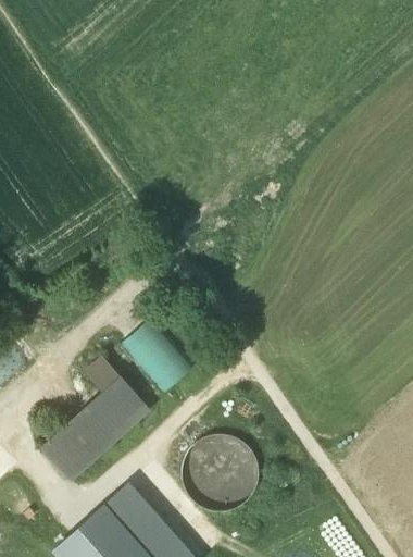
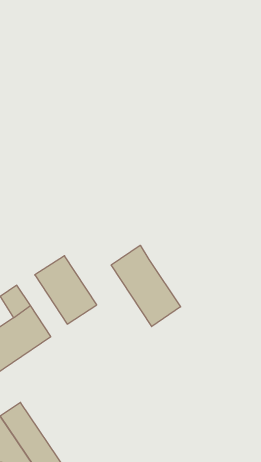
building: none -> [111,245,181,327]
building: [183,435,259,508] -> none

